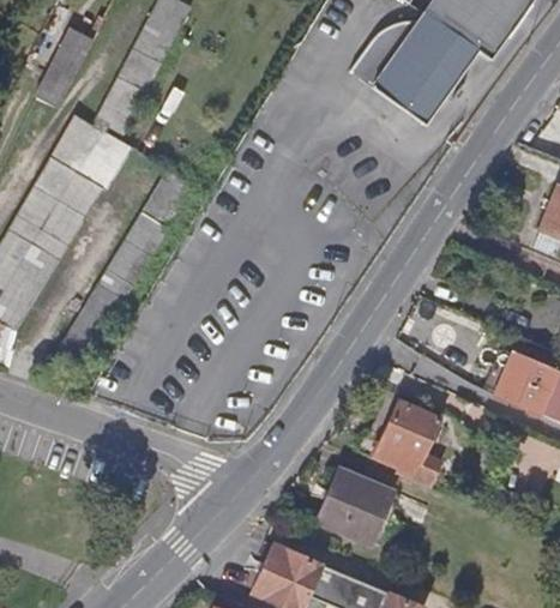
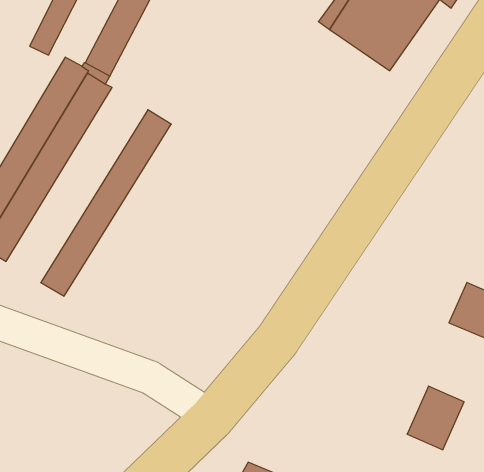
building: [374,404,435,472] -> [407,386,464,450]
building: [317,470,392,543] -> none

